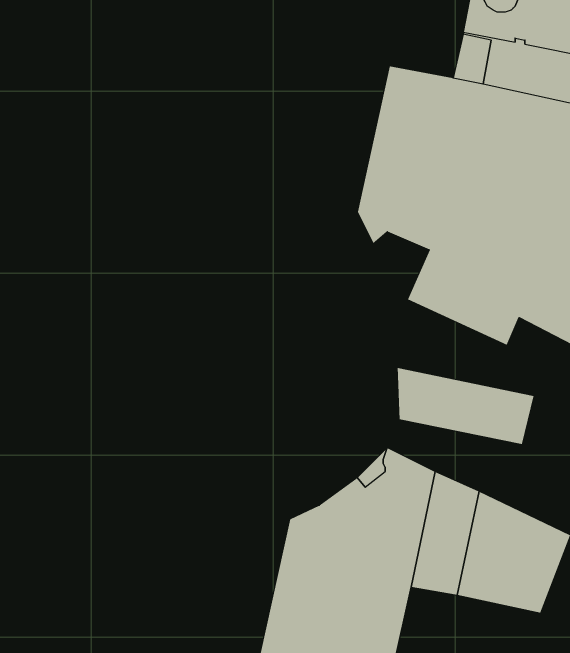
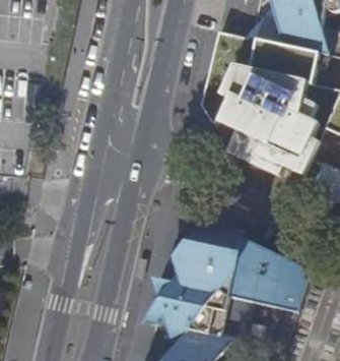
building: [397,367,534,445] -> none

